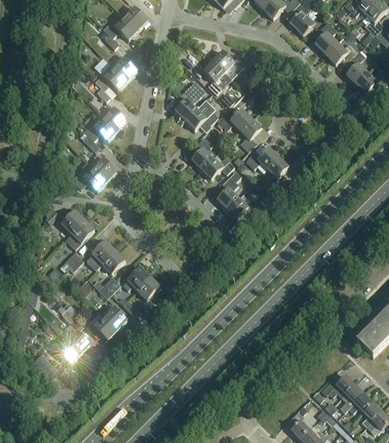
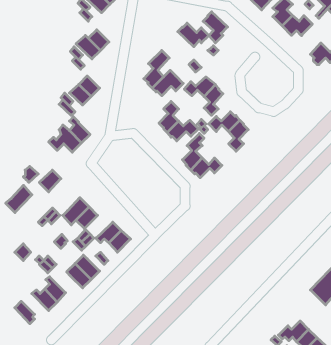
building: [346,50,367,84] -> none
building: [202,59,229,93] -> [203,12,228,43]
building: [65,219,93,249] -> [6,185,32,213]

